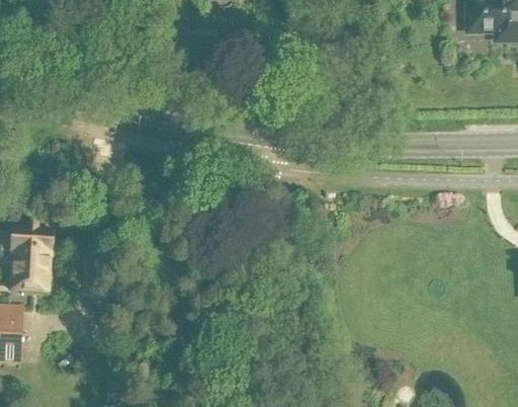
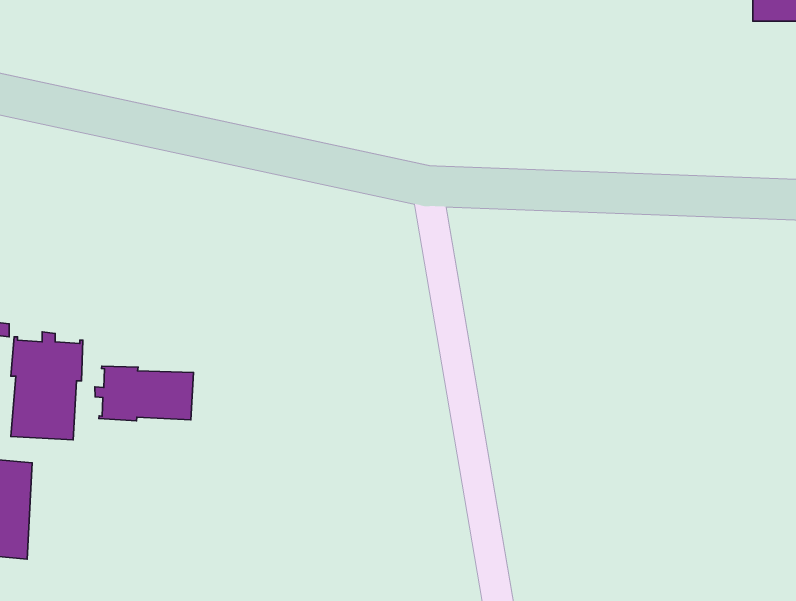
building: none -> [95,366,193,421]

